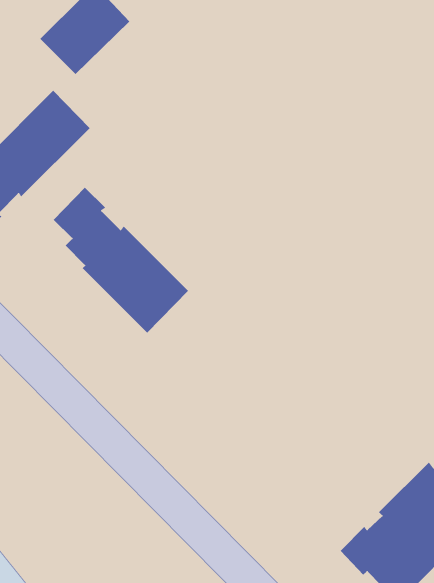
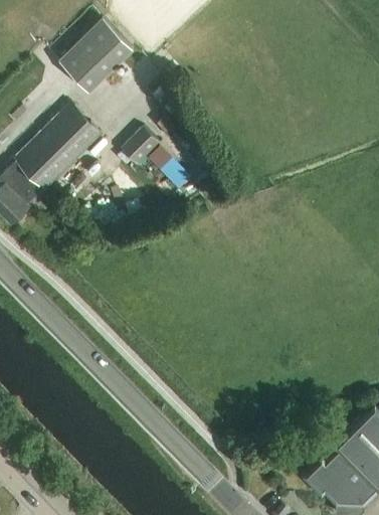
building: none -> [120,126,161,167]
building: [53,187,189,334] -> none

